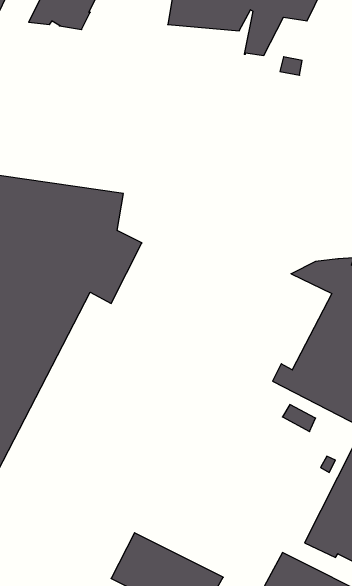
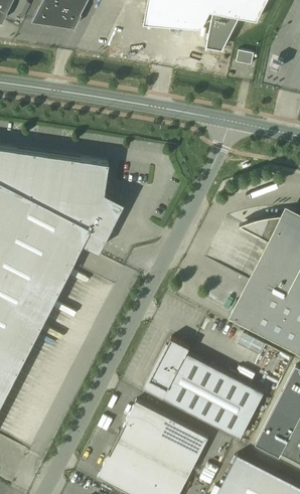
building: none -> [143,339,264,440]
building: none -> [117,401,208,476]

